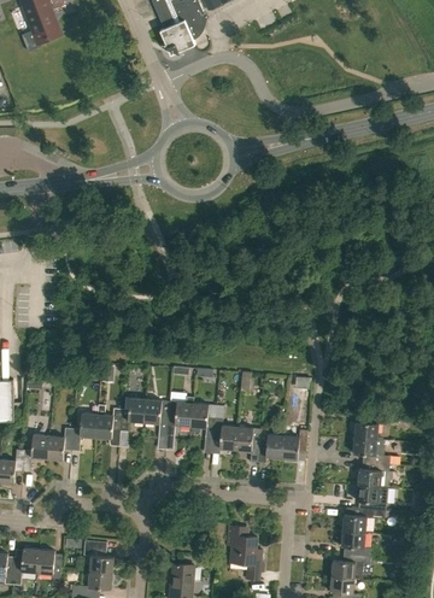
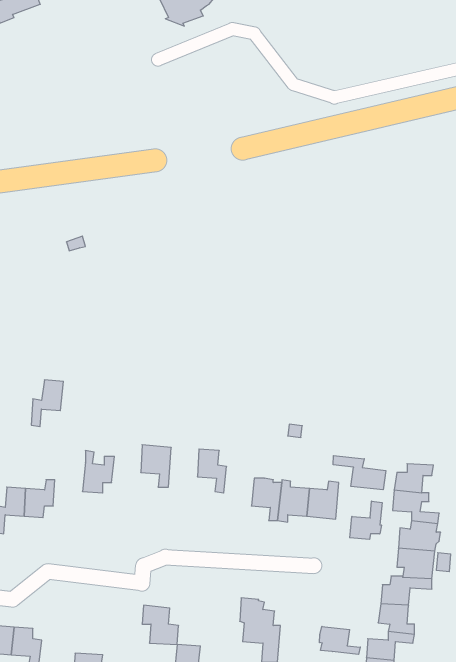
building: [166,397,193,435] -> none
building: [119,398,145,432] -> none
building: none -> [333,456,386,490]
building: [71,412,98,451] -> [31,380,63,427]
building: [212,417,237,450] -> none
building: none -> [350,501,382,539]
building: [83,540,113,573] -> [142,605,179,645]
building: none -> [319,626,360,654]

